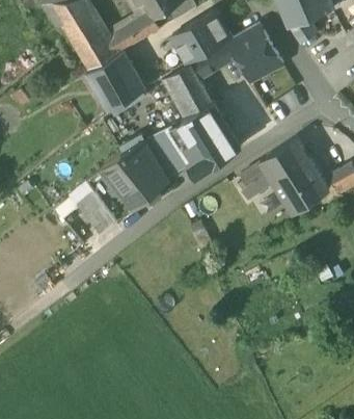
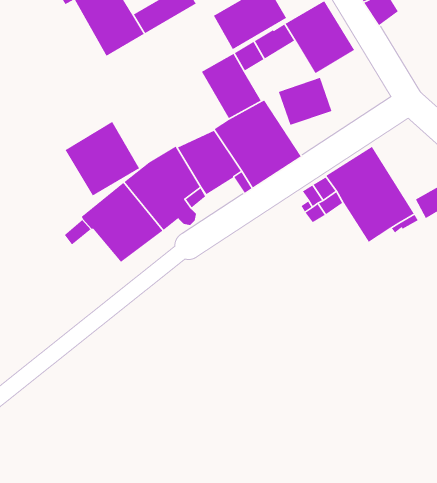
building: [87,52,146,111] -> [64,121,140,196]

